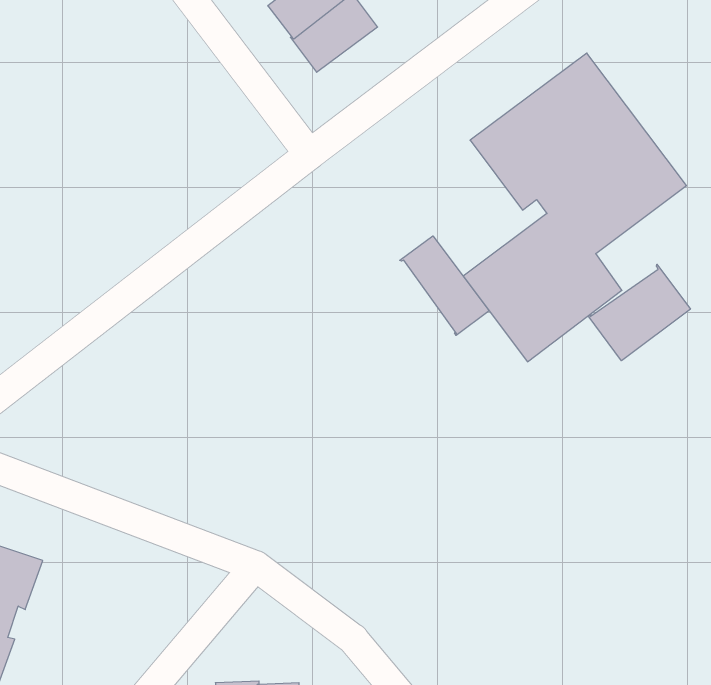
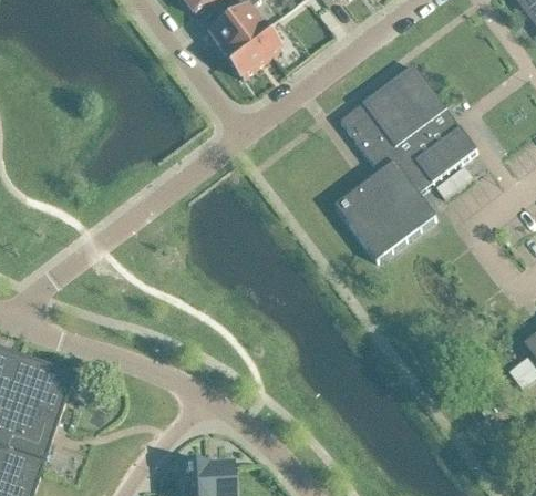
building: [400,236,489,335] -> none
building: [588,264,690,361] -> none

